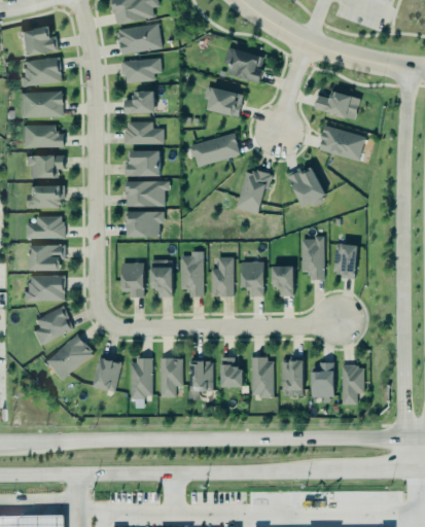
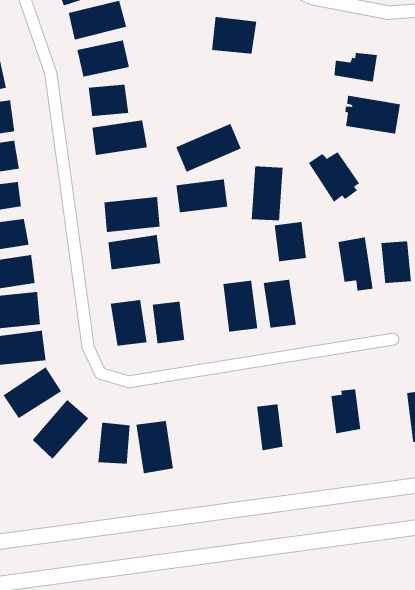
building: [204,87,237,117] -> none
building: [121,151,161,174] -> [176,179,228,213]
building: [181,257,203,297] -> none
building: [274,269,296,298] -> [274,221,307,262]
building: [250,357,274,396] -> none
building: [158,358,178,397] -> none
building: [314,360,337,394] -> none
building: [187,362,211,400] -> none

